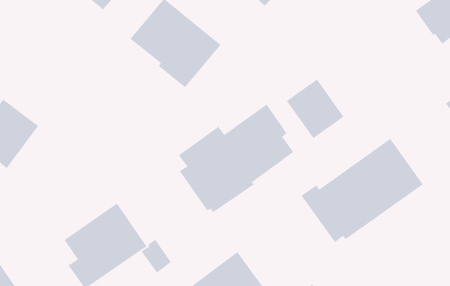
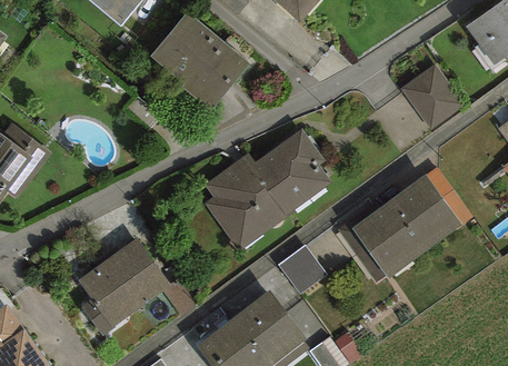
building: [286,79,345,139] -> [398,63,462,130]
building: none -> [277,245,326,294]

